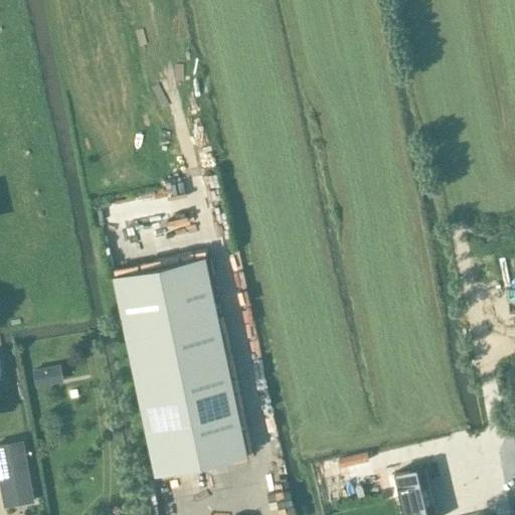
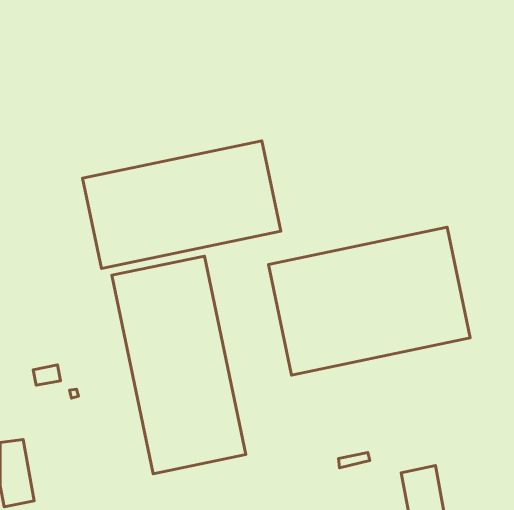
building: none -> [83,141,281,268]
building: none -> [268,227,470,375]

